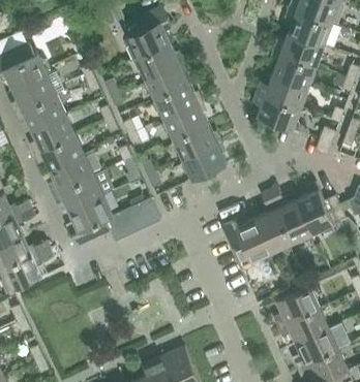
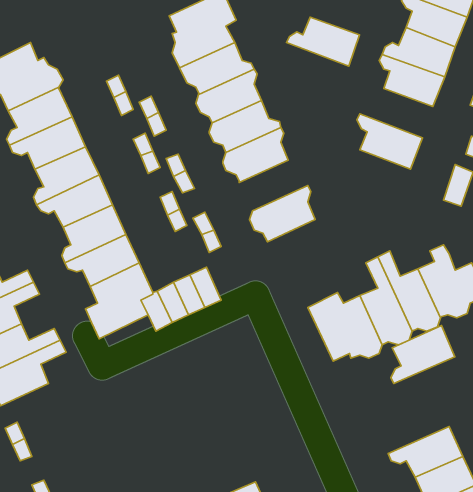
building: [258,74,308,108] -> [286,17,359,66]
building: [172,124,221,159] -> none
building: [275,287,320,327] -> [391,326,455,384]

